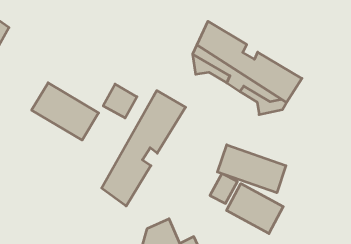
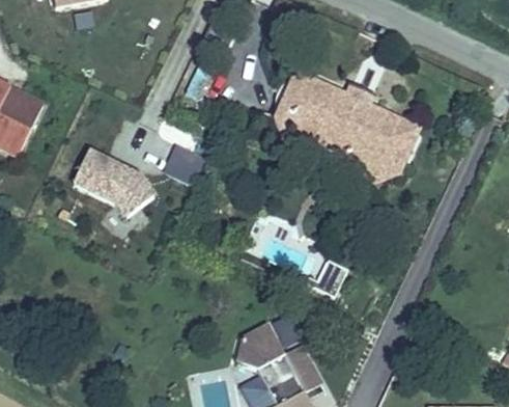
building: [102,91,186,206] -> none
building: [217,145,286,193] -> none
building: [227,184,283,234] -> none

